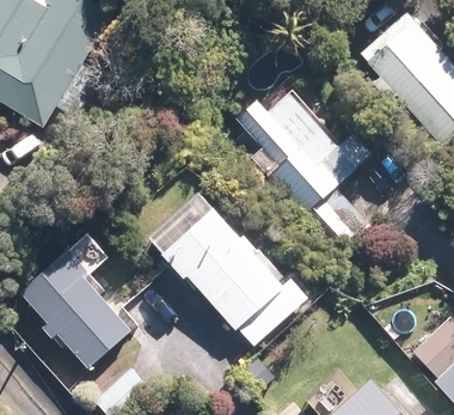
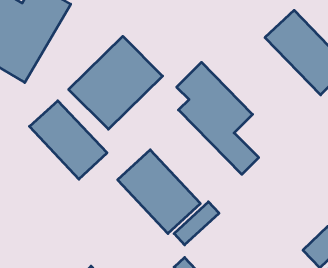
building: none -> [69,36,163,129]
building: [24,257,129,364] -> [29,101,107,179]

